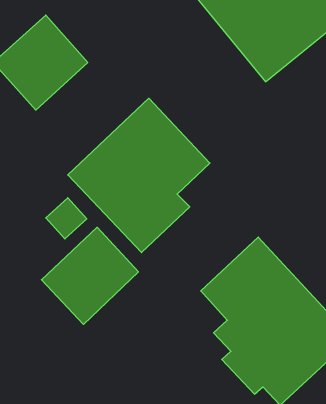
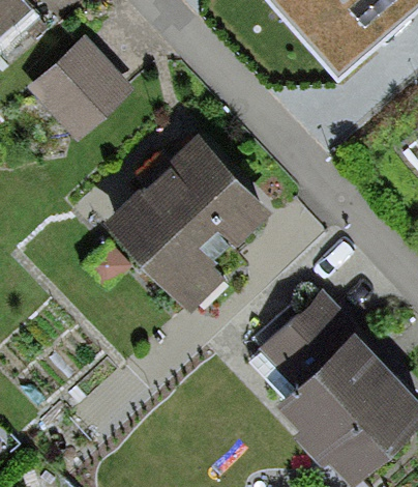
building: [41,227,138,324] -> none

